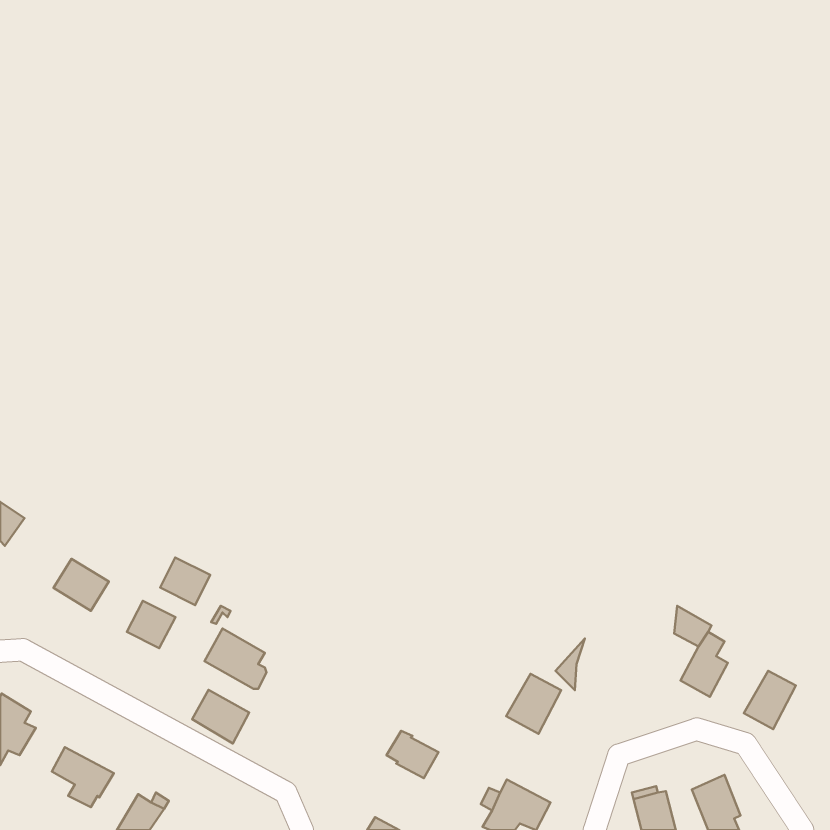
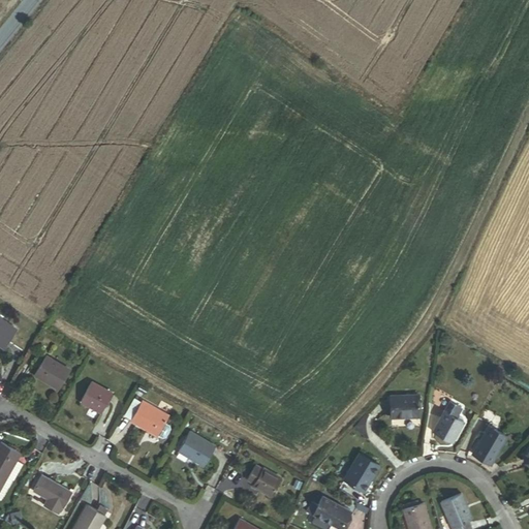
building: [160,557,210,605] -> none
building: none -> [390,397,419,419]
building: [506,674,561,734] -> [342,454,377,492]
building: [192,690,249,743] -> [179,432,215,466]

